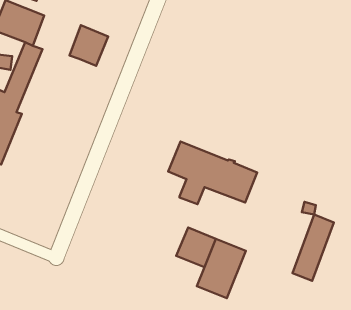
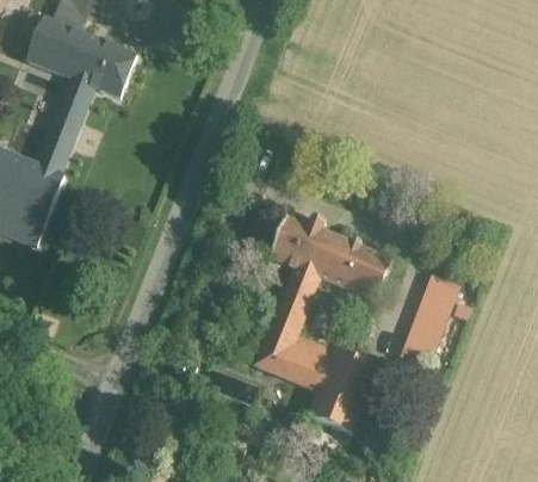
building: [70,25,108,66] -> [81,41,135,97]
building: none -> [255,292,309,373]
building: [292,215,334,281] -> [400,274,457,366]

